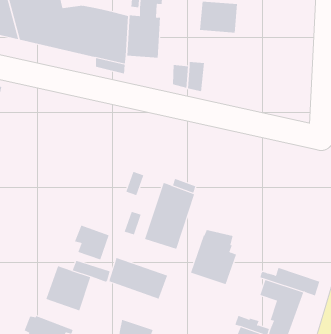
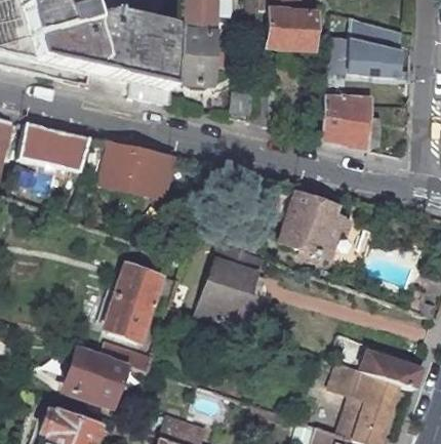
building: none -> [328,13,403,76]
building: none -> [323,97,371,148]
building: none -> [18,123,91,171]
building: none -> [106,144,175,199]
building: none -> [115,267,163,310]
building: [190,230,237,285] -> [284,187,344,257]
building: [108,257,168,300] -> none

